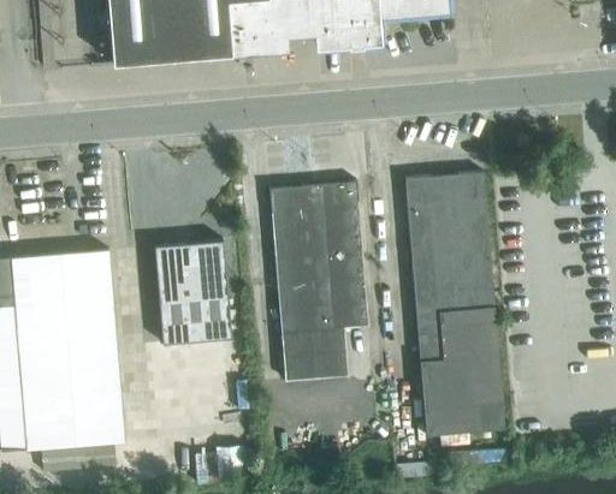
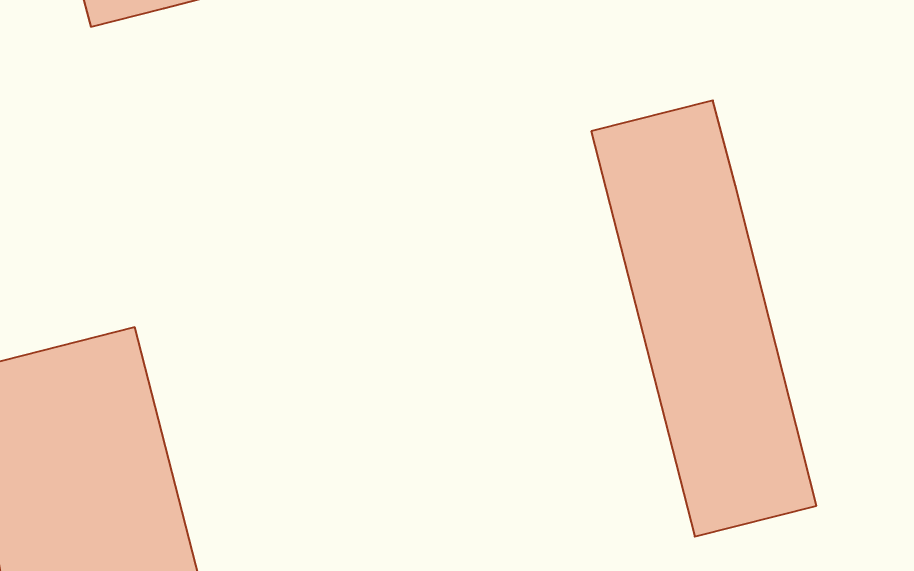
building: [270,181,368,380] -> none
building: [155,240,231,343] -> none

